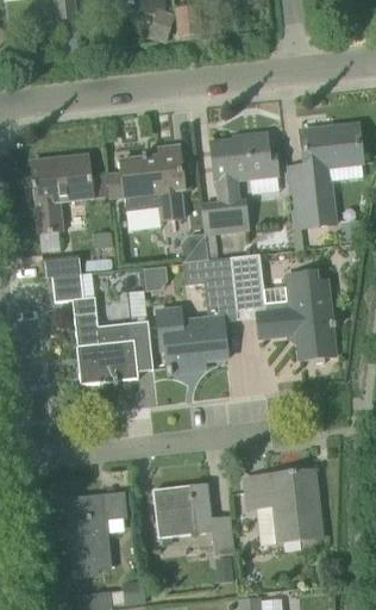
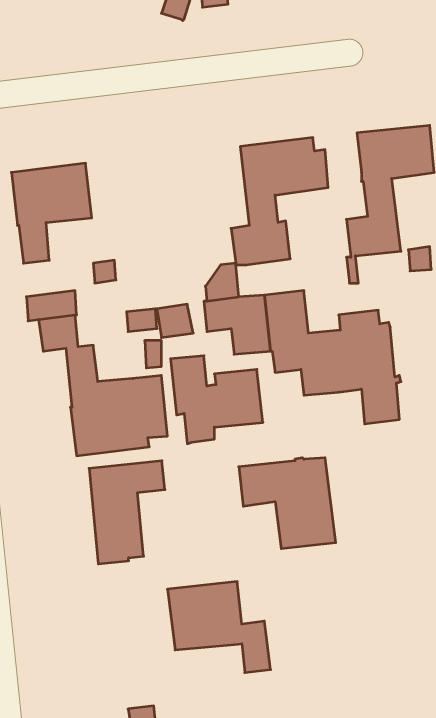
building: [106,144,183,219] -> none
building: [245,469,321,541] -> [239,458,336,549]
building: [67,493,126,574] -> [89,461,165,564]

